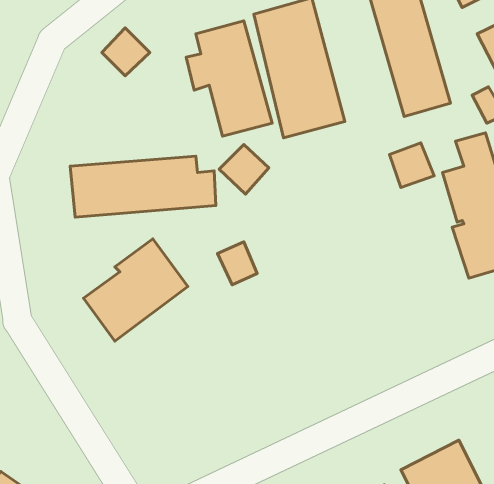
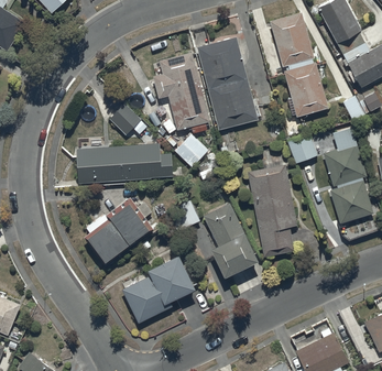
building: [102,28,150,76] -> [109,102,141,134]
building: none -> [247,164,297,257]
building: none -> [203,201,258,277]
building: none -> [121,254,196,323]

